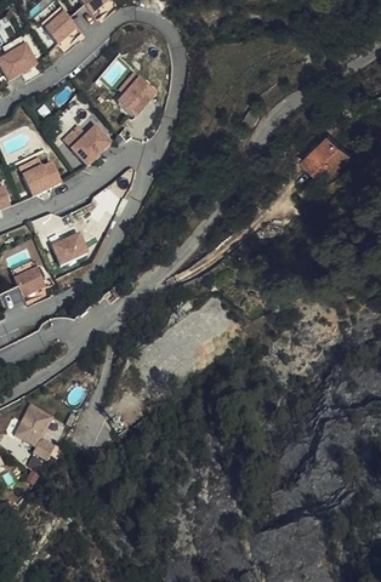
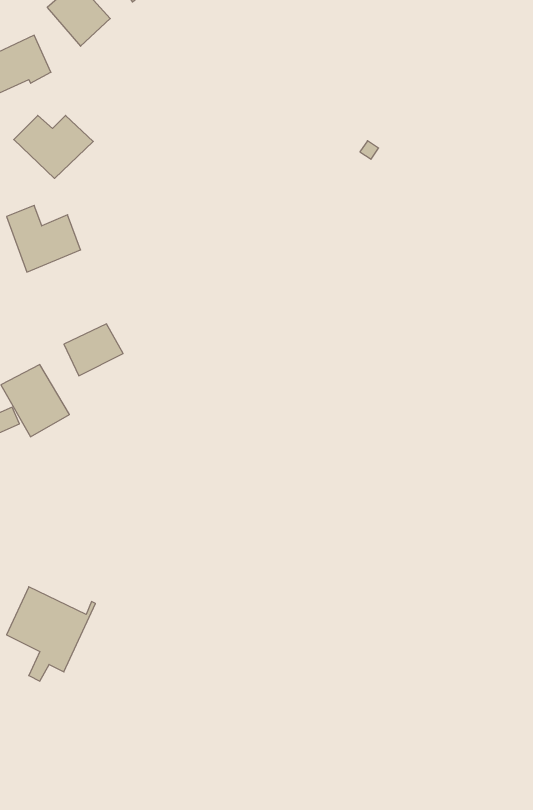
building: [114,73,158,116] -> none
building: [61,124,113,165] -> [14,115,93,178]
building: [303,131,352,179] -> none

